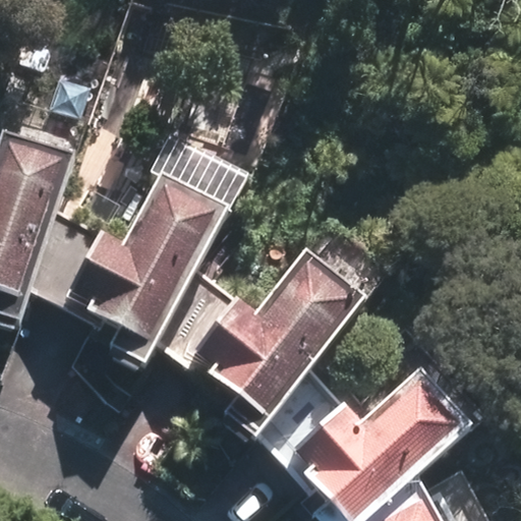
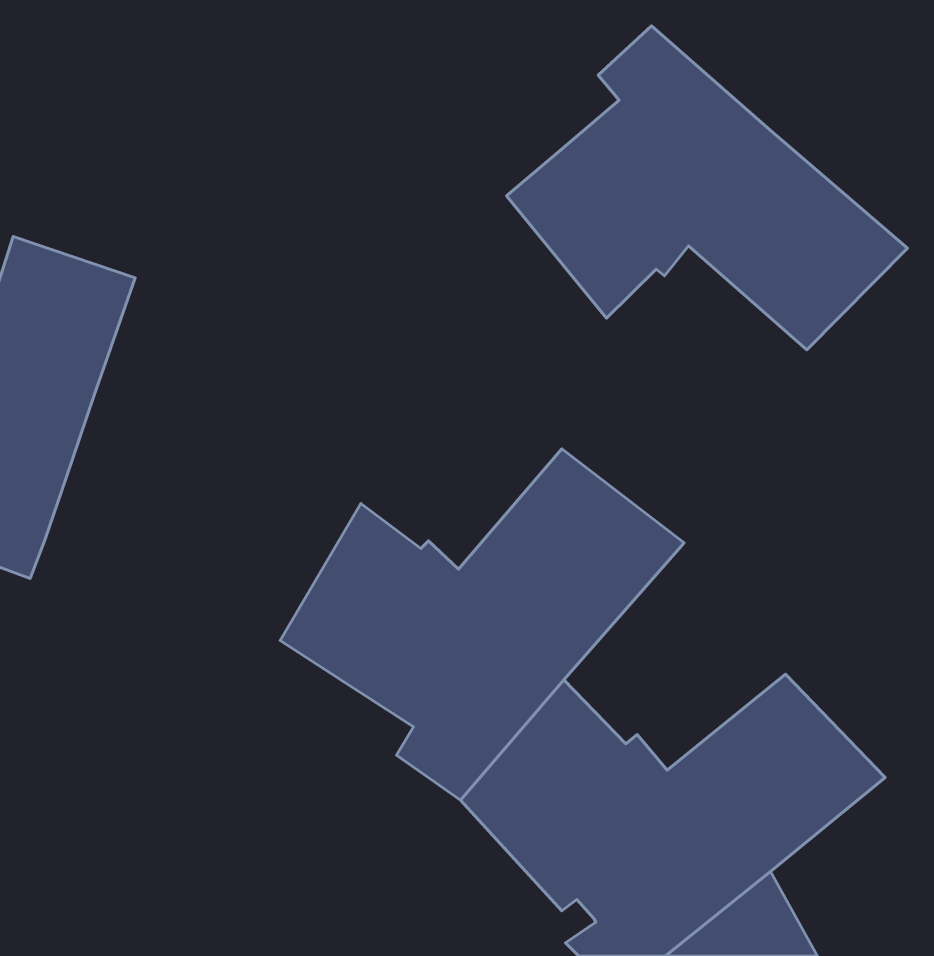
building: none -> [507,26,907,350]
building: [24,173,234,365] -> none

